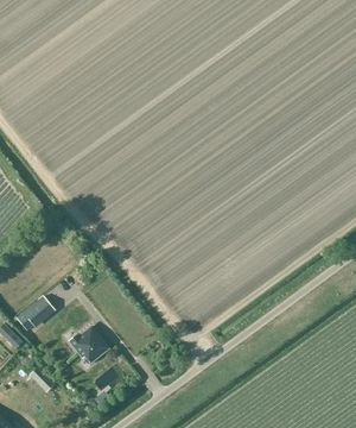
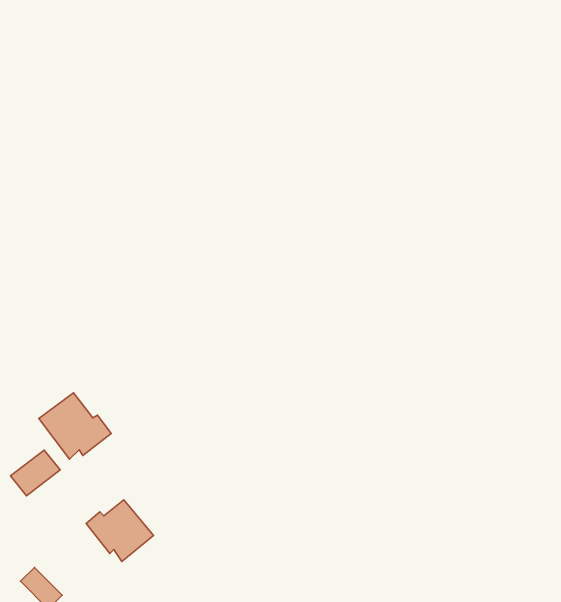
building: none -> [39,393,111,459]

